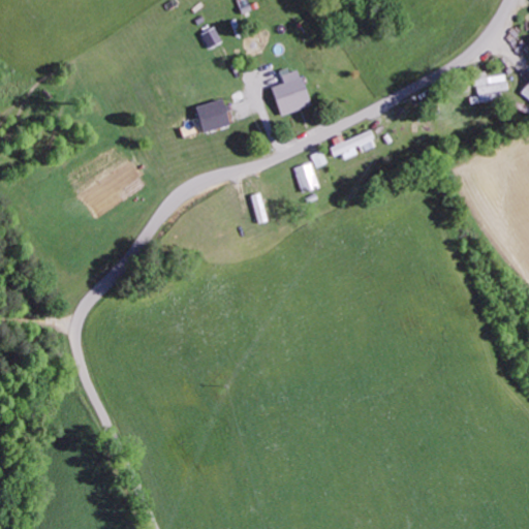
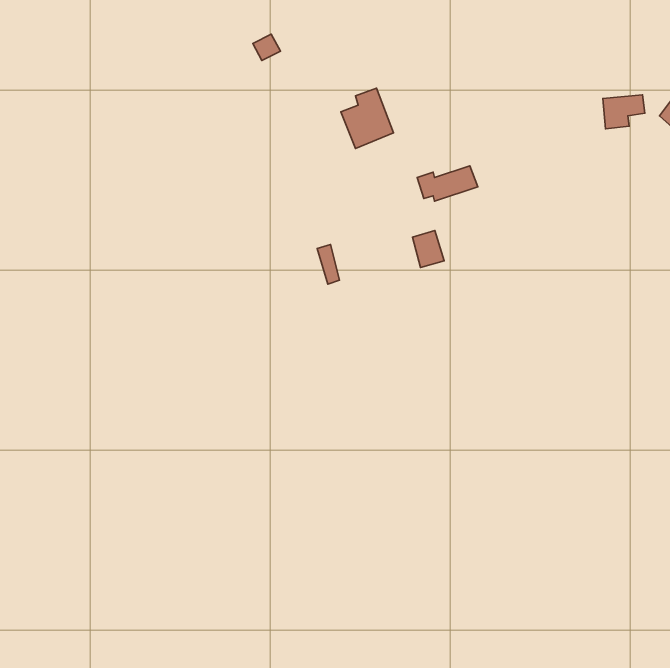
building: [195,99,235,131] -> none
building: [294,162,319,191] -> [413,231,444,267]

